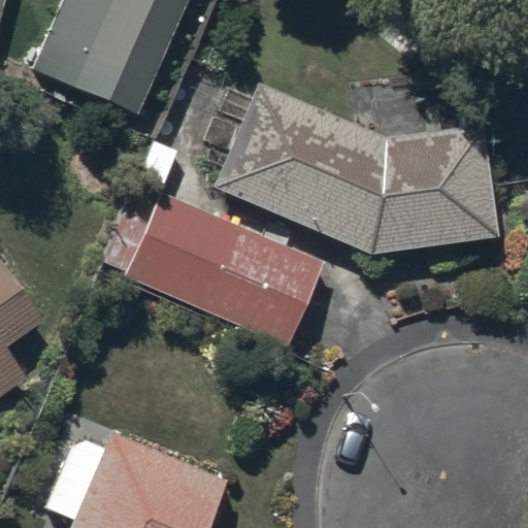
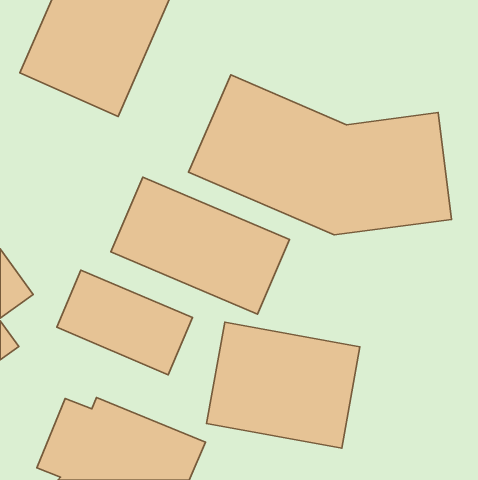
building: none -> [57,270,192,375]
building: none -> [207,322,360,448]

